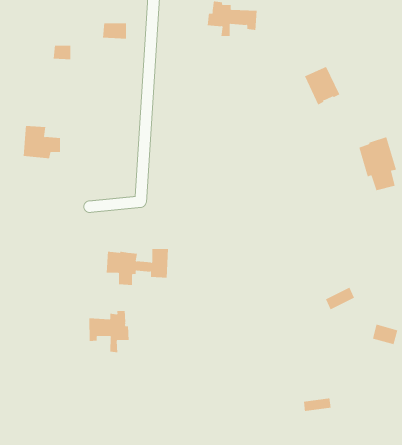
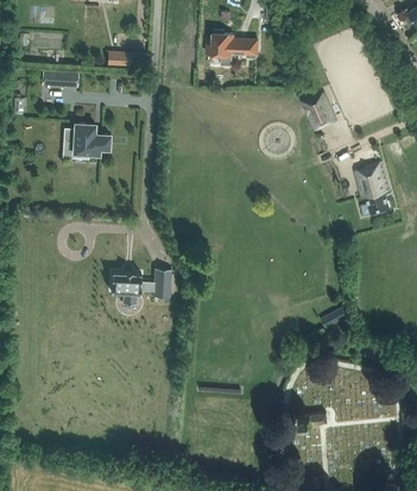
building: [23,125,61,159] -> [72,122,109,155]
building: [89,310,129,353] -> none

